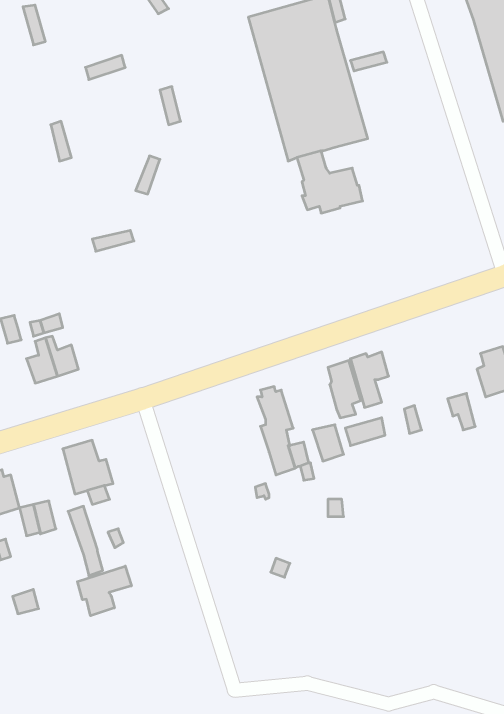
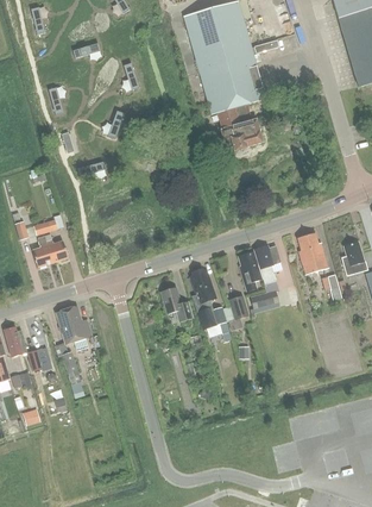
building: none -> [296,231,327,273]
building: none -> [160,286,193,320]
building: [77,566,131,616] -> none

